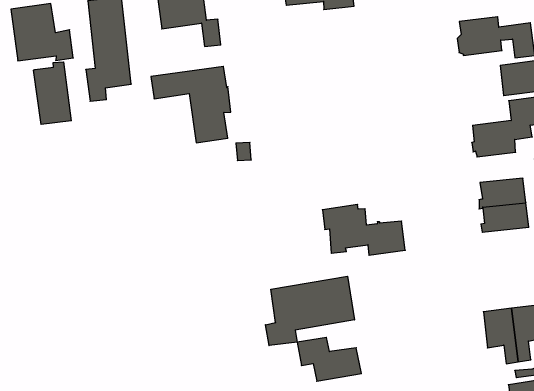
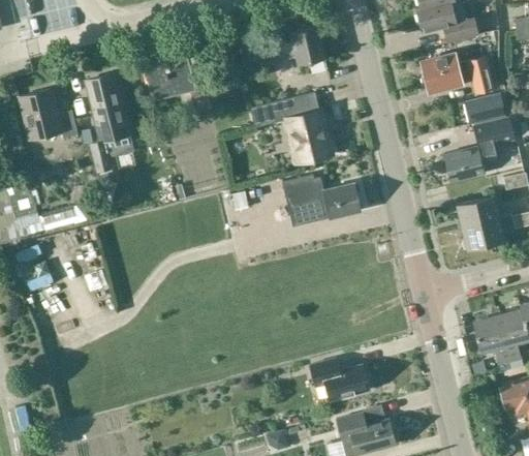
building: [34,62,71,124] -> none
building: [151,66,231,143] -> [250,92,325,163]
building: [322,204,405,255] -> [283,174,362,220]
building: [265,276,354,346] -> none

